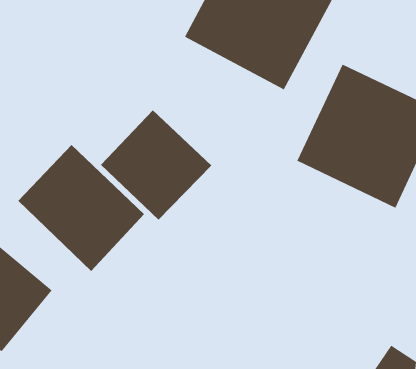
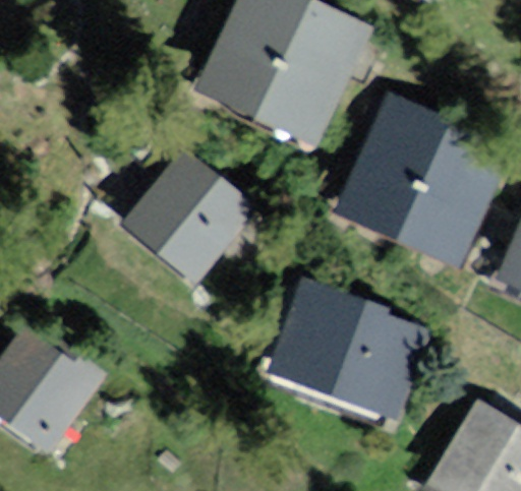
building: [18,144,145,272] -> none
building: none -> [269,285,425,417]

